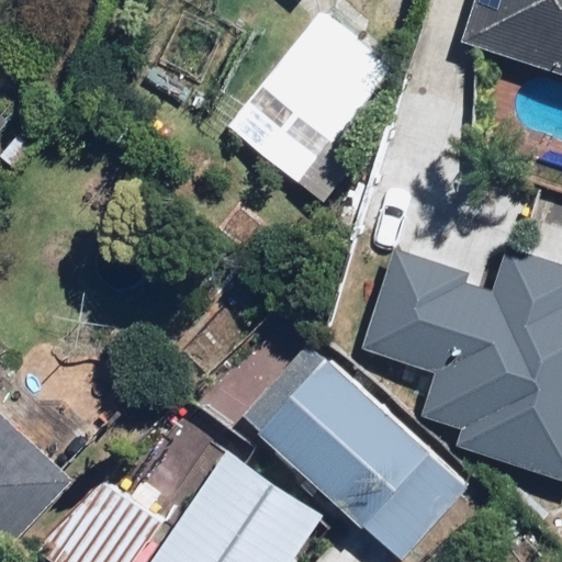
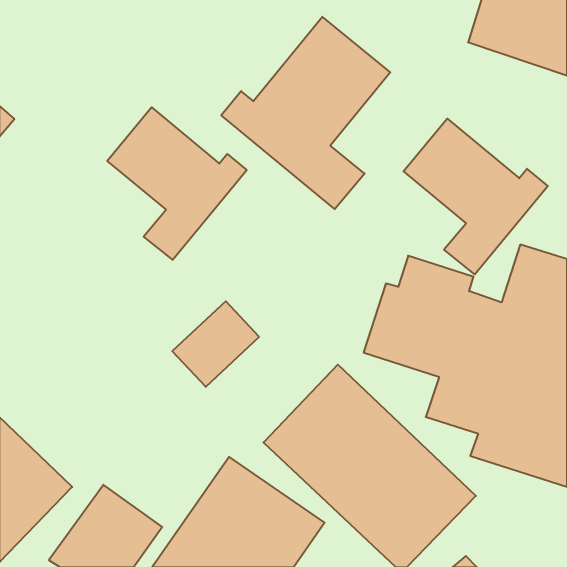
building: none -> [107,107,247,260]
building: none -> [404,119,548,274]

